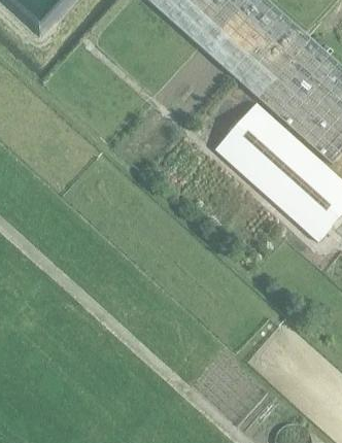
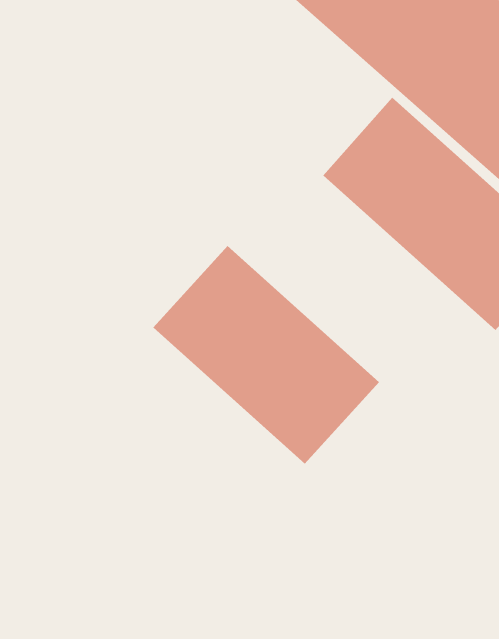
building: none -> [153,245,380,464]

